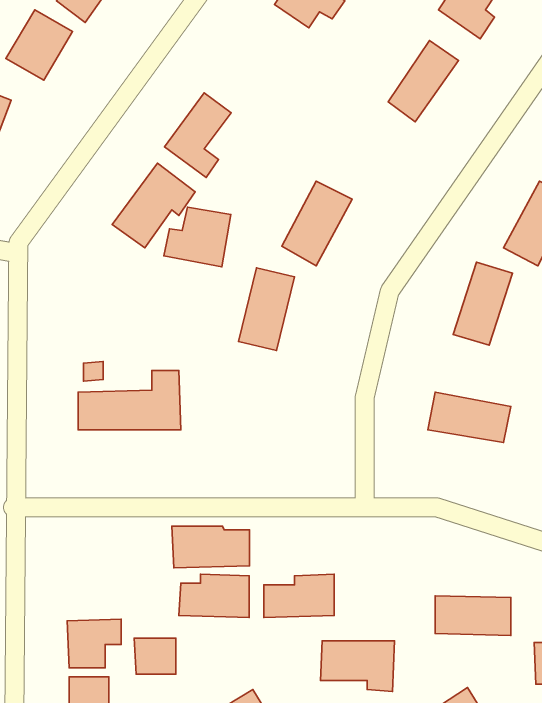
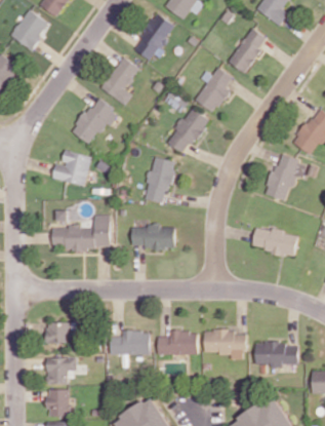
building: none -> [133,13,177,62]
building: none -> [195,67,233,113]
building: [164,207,231,267] -> [52,151,90,185]
building: [172,526,249,568] -> [131,225,175,248]
building: [134,638,176,674] -> [46,322,70,343]
building: [320,641,394,691] -> [204,331,246,359]

